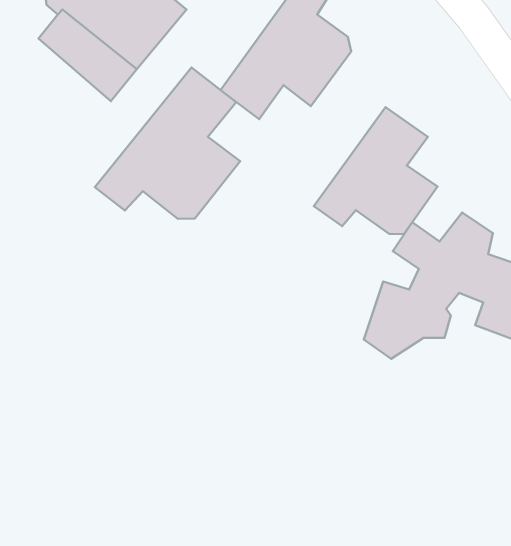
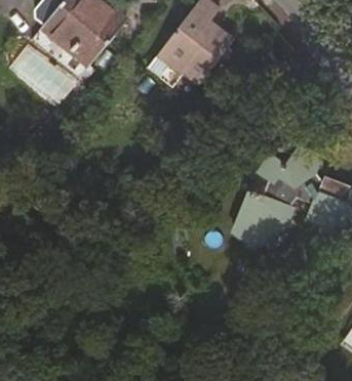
building: [95,67,240,219] -> none
building: [314,107,437,234] -> none

